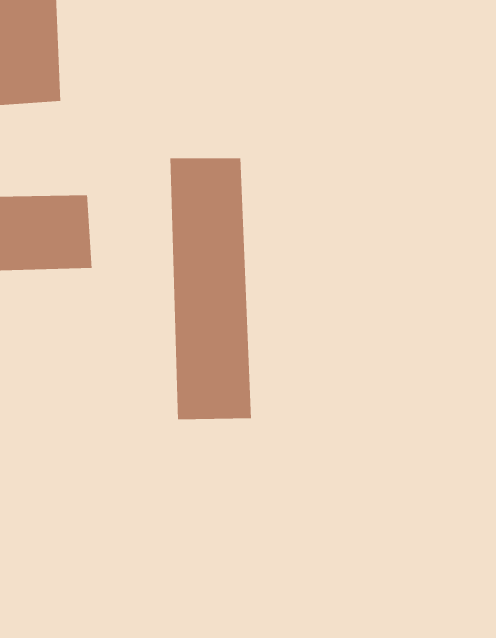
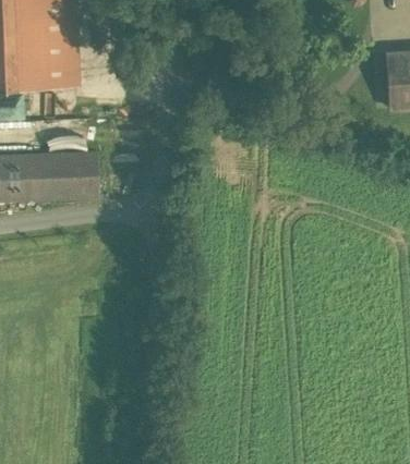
building: [169,157,252,420] -> none

